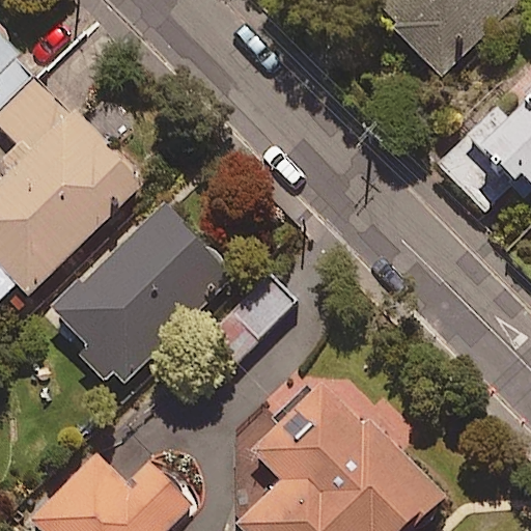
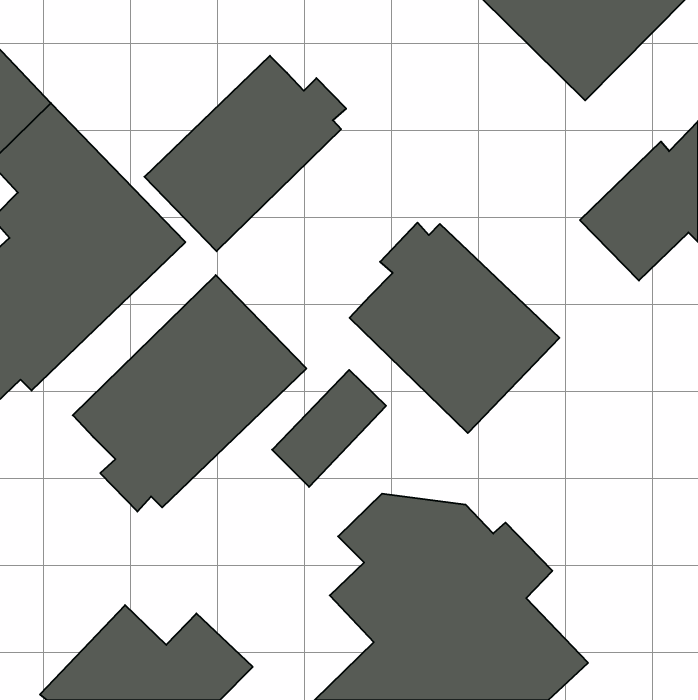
building: none -> [144,56,346,251]
building: none -> [350,223,559,433]

